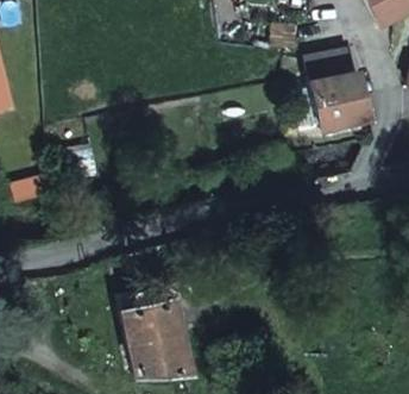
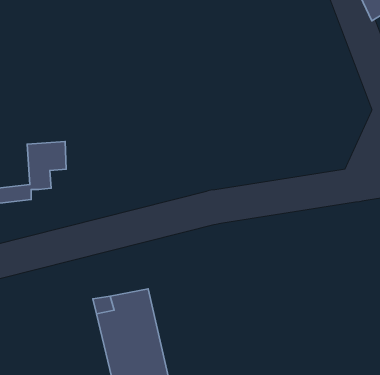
building: [307,48,369,126] -> none

